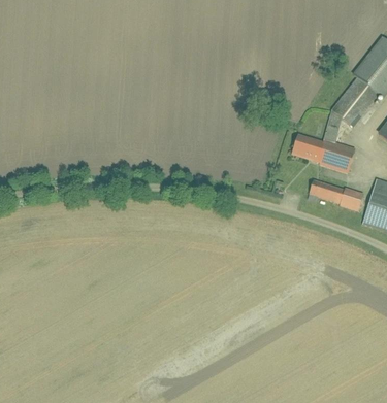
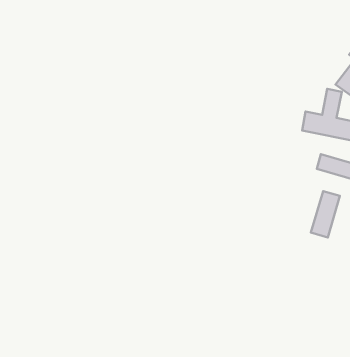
building: none -> [311,191,340,237]

